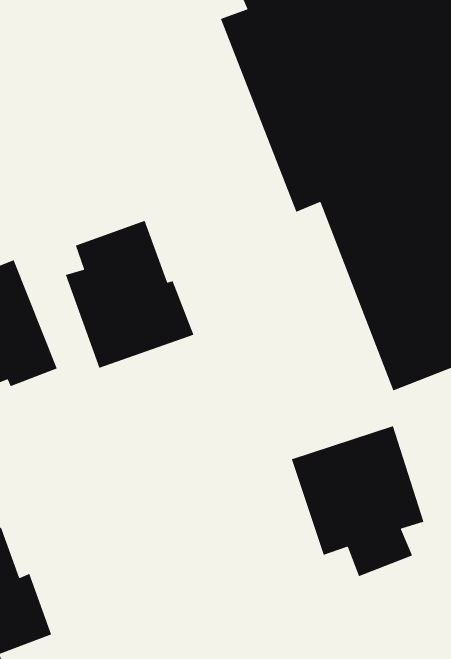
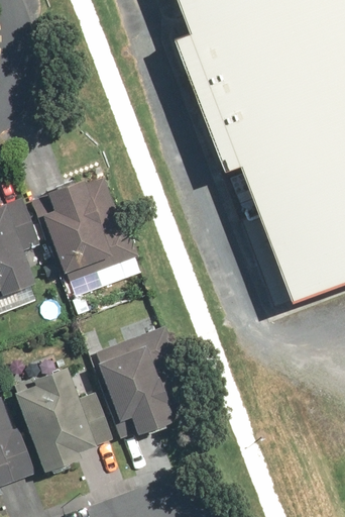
building: [291,425,424,577] -> [95,327,191,436]
building: none -> [19,364,117,473]

